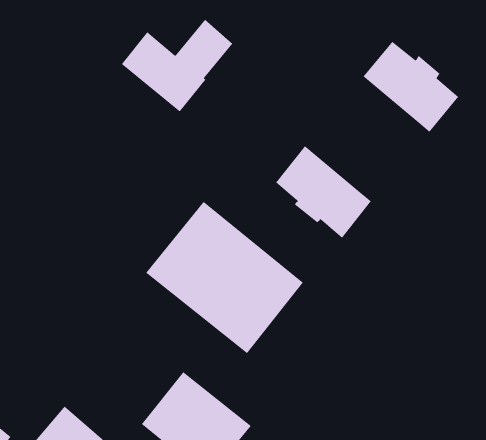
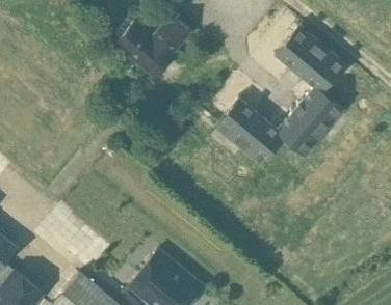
building: none -> [278,86,341,152]
building: [145,201,304,354] -> none

